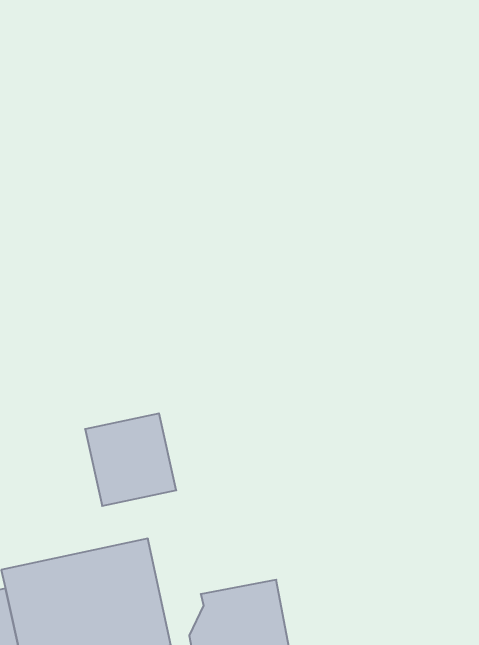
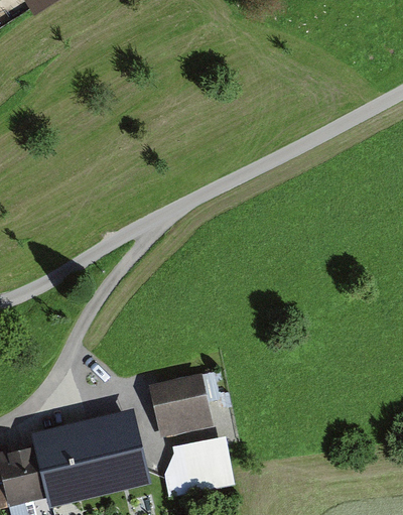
building: [85,413,176,506] -> [148,374,213,439]

